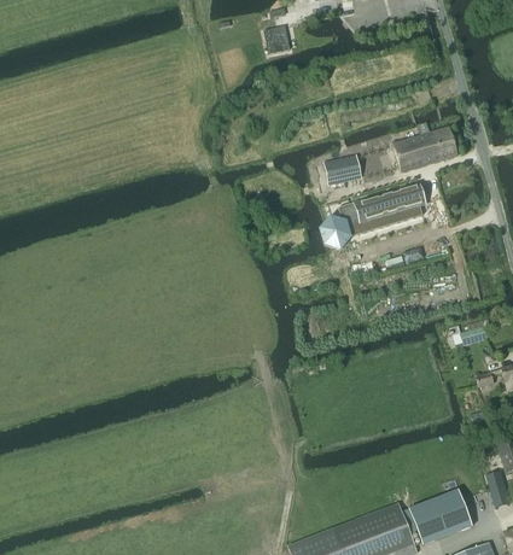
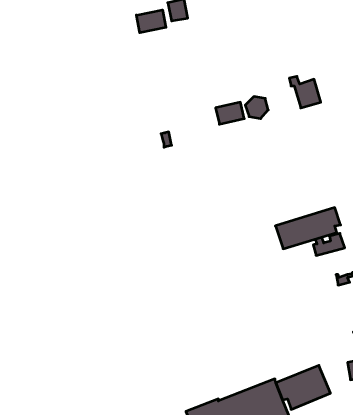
building: none -> [136,10,166,33]
building: [394,135,432,173] -> none
building: [345,183,427,235] -> [275,208,341,249]
building: [320,218,350,249] -> none

